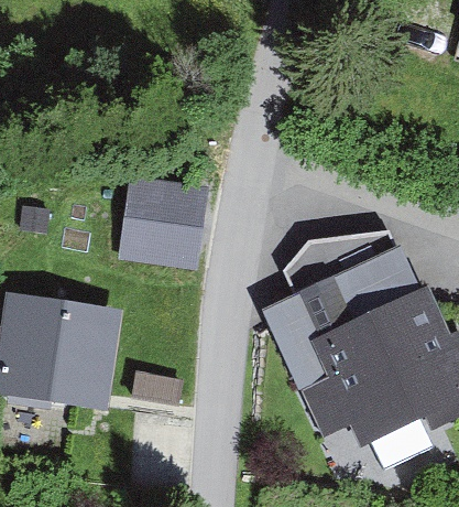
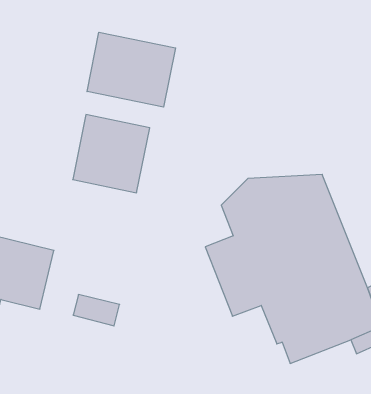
building: none -> [87,32,176,107]

